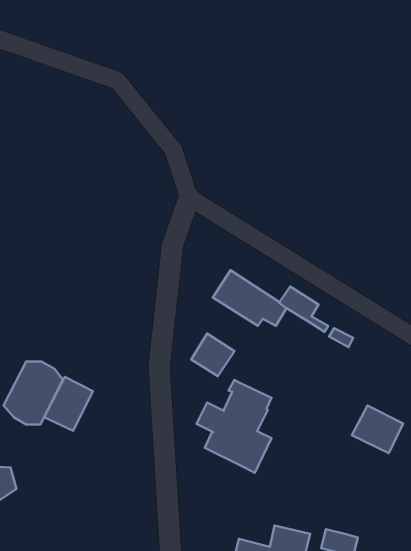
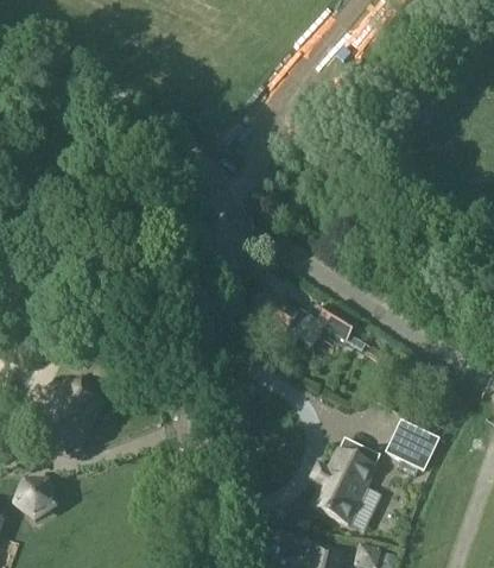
building: [191,333,234,376] -> none
building: [44,377,93,431] -> none
building: [197,380,271,473] -> [304,437,379,530]

